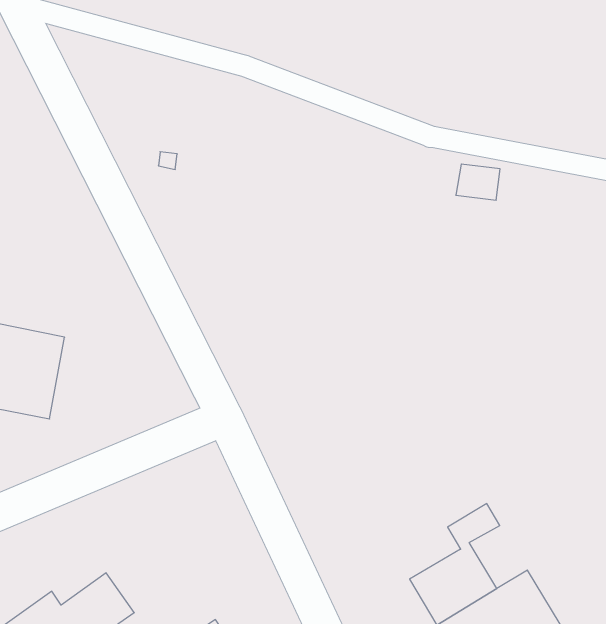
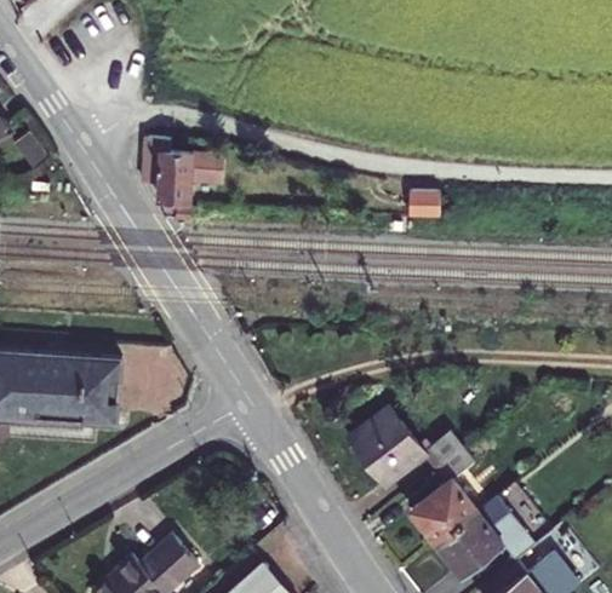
building: none -> [142,140,221,203]
building: none -> [350,411,461,482]

